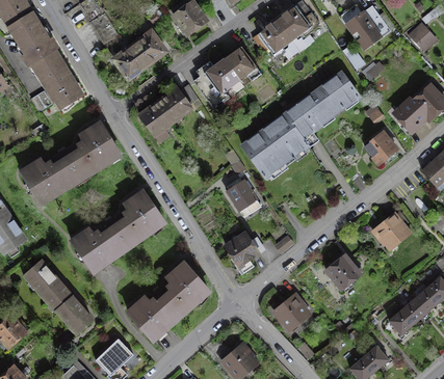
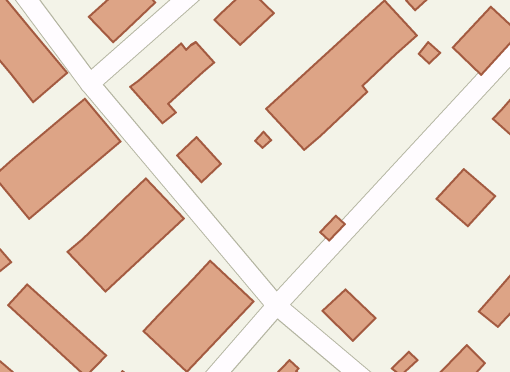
building: [363,129,399,164] -> none
building: [223,175,256,211] -> [177,137,221,182]
building: [220,234,261,274] -> none
building: [322,253,361,291] -> none

